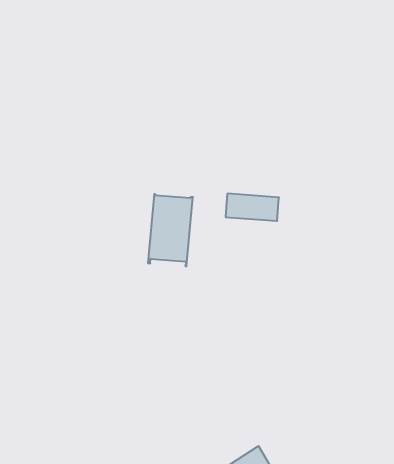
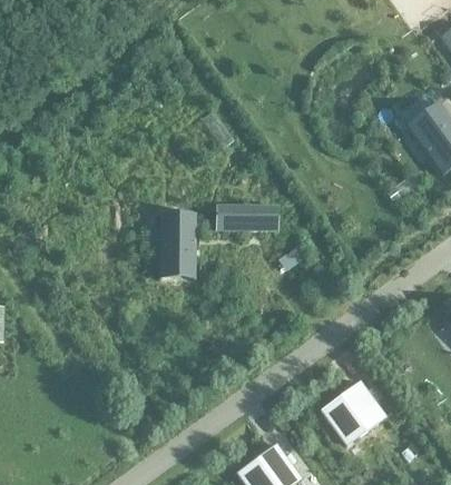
building: none -> [320,379,385,444]

